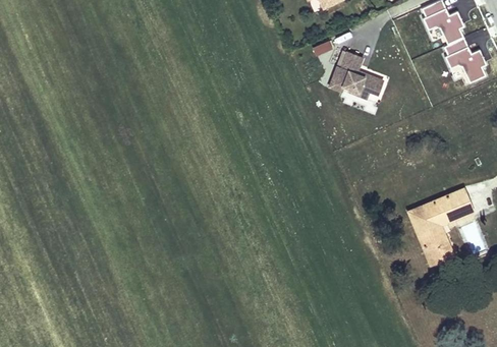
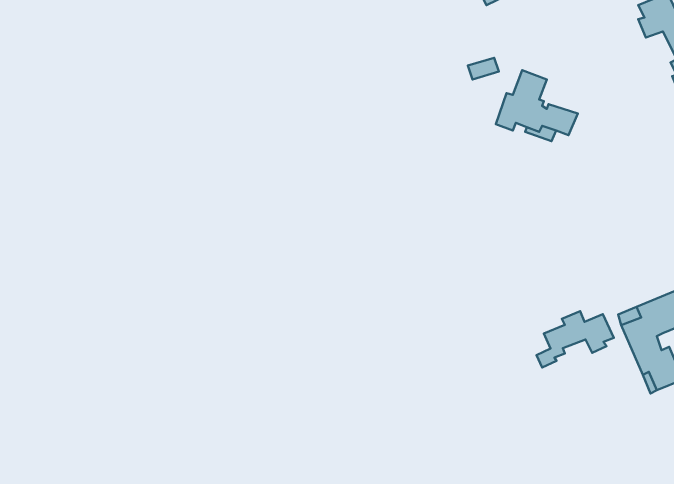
building: none -> [536,311,614,368]

